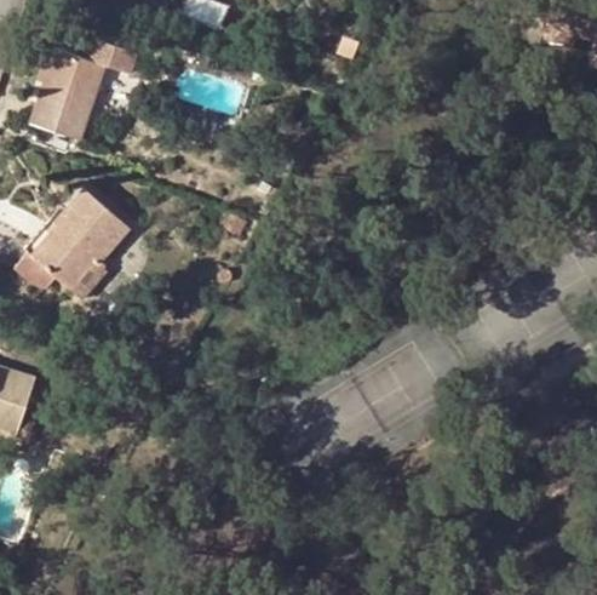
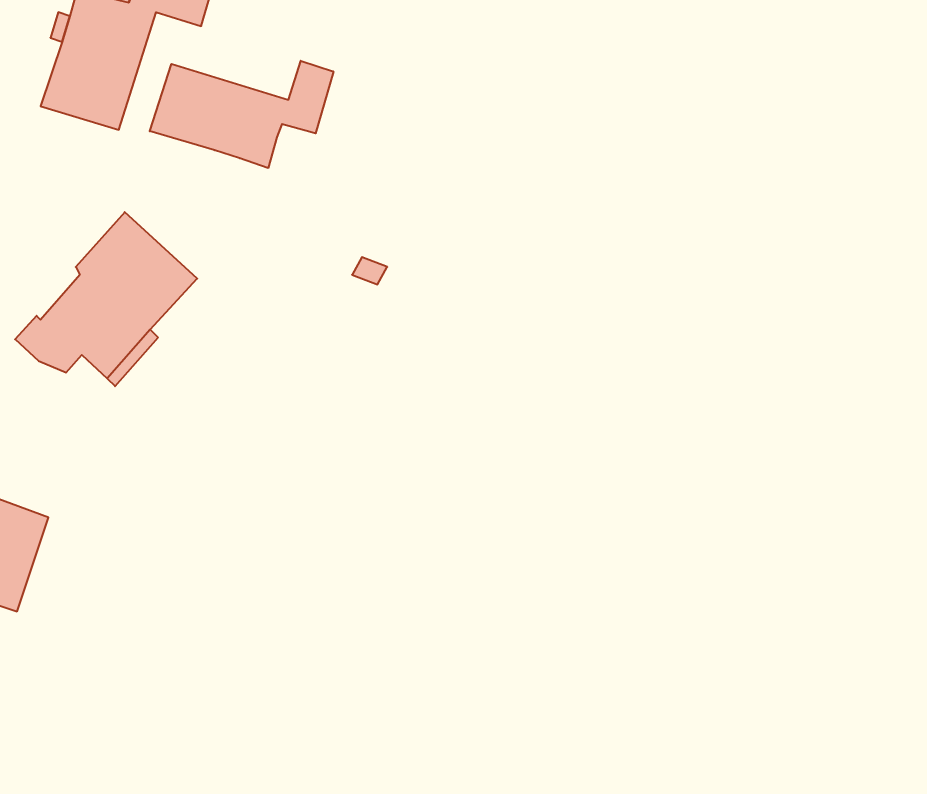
building: none -> [150,61,333,168]

